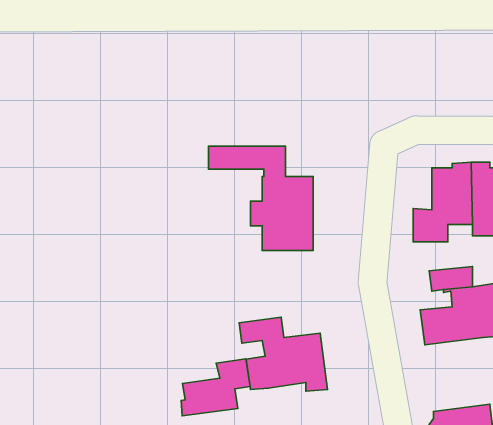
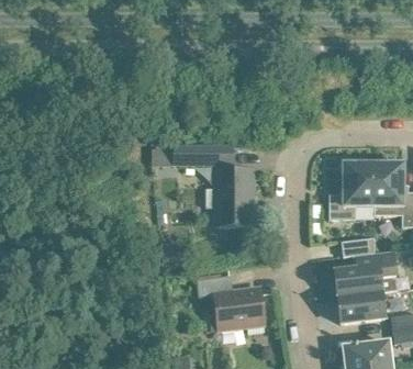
building: none -> [337,291,384,323]
building: [181,359,250,416] -> none

